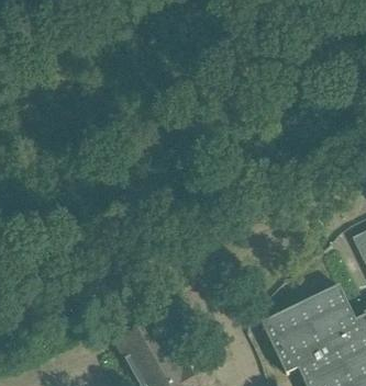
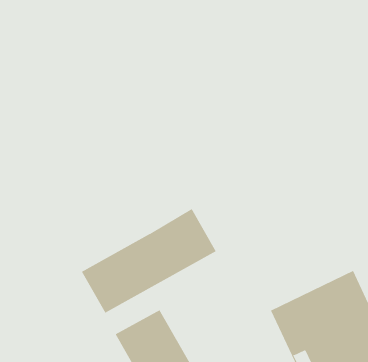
building: none -> [81,208,217,313]

